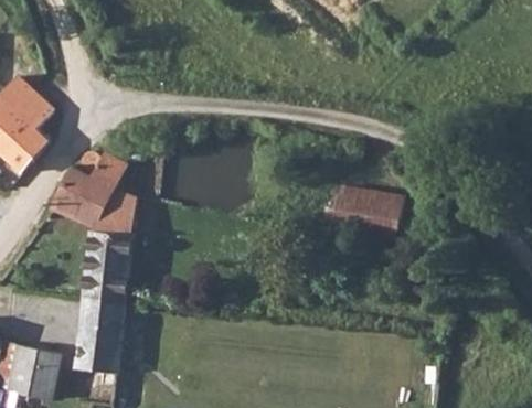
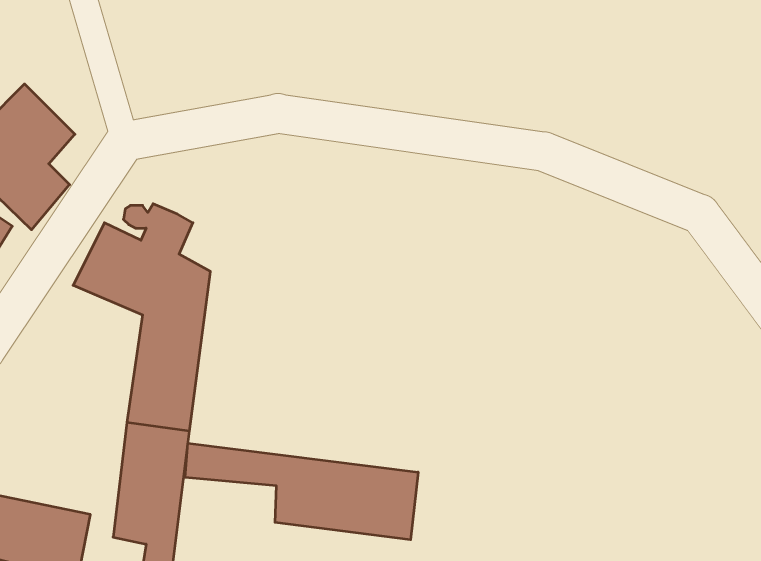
building: [329,184,404,241] -> none
building: none -> [185,443,418,540]

